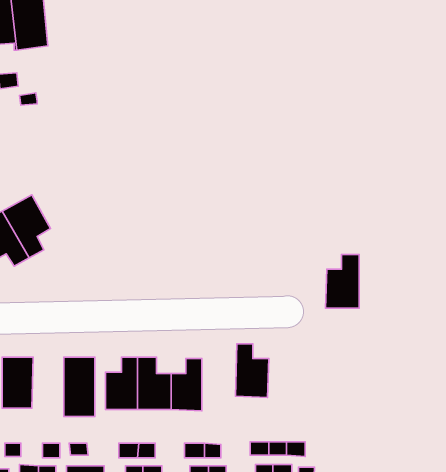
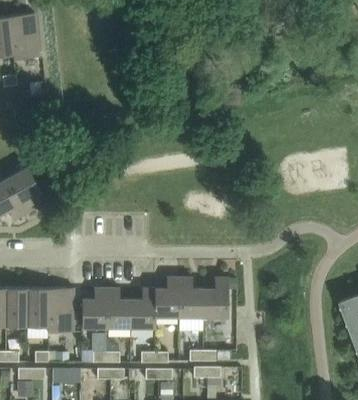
building: [326,254,359,308] -> [203,278,228,318]
building: none -> [154,278,180,328]
building: none -> [27,288,51,332]

